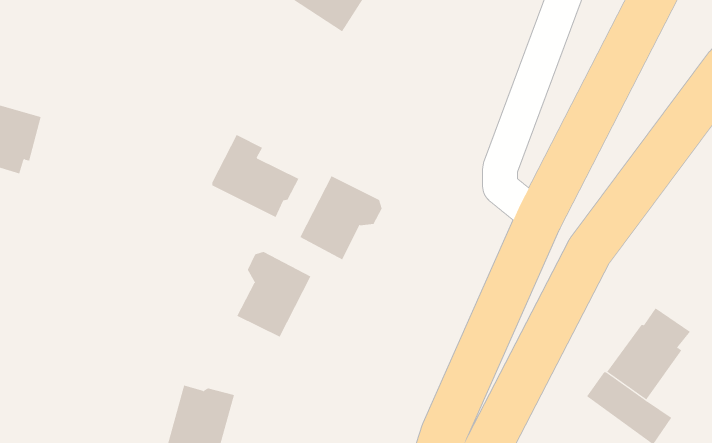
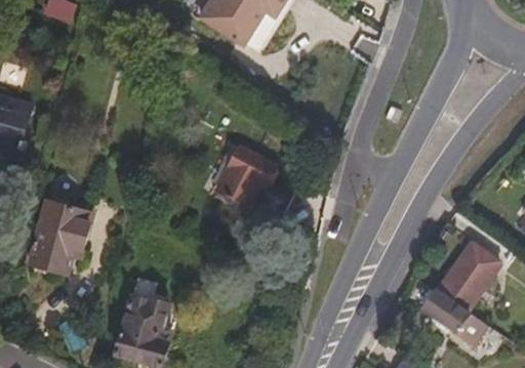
building: [212,134,299,218] -> none
building: none -> [30,201,93,275]
building: [237,251,311,337] -> none

